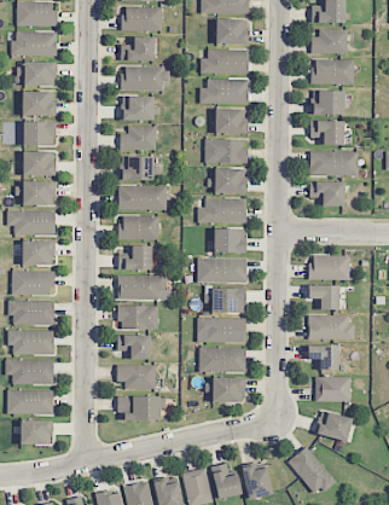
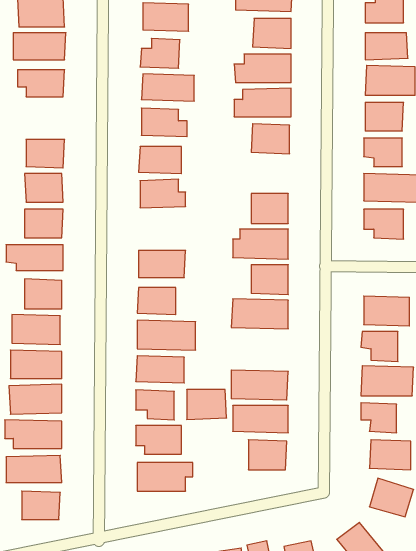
building: [23,91,57,116] -> none
building: [205,139,246,163] -> none
building: [118,186,167,210] -> none
building: [213,289,246,314] -> [187,390,227,419]

